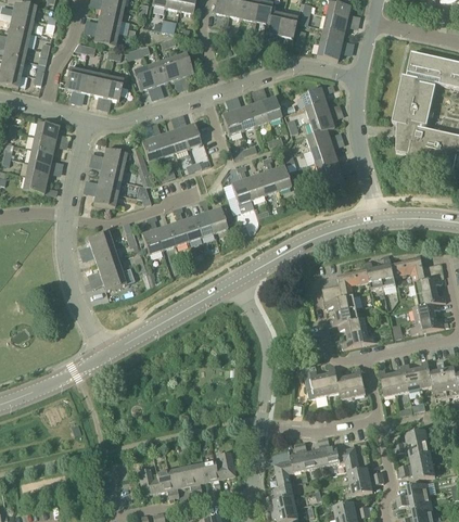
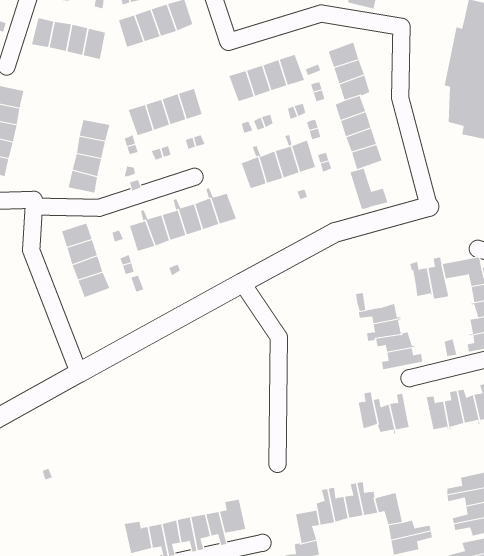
building: none -> [350,168,388,210]
building: [337,268,370,297] -> none
building: [303,365,329,397] -> none

